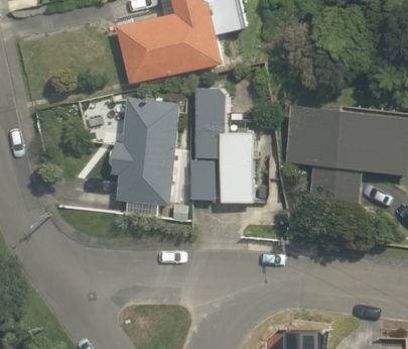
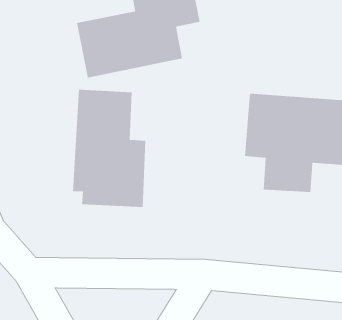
building: [189,85,261,202] -> none

